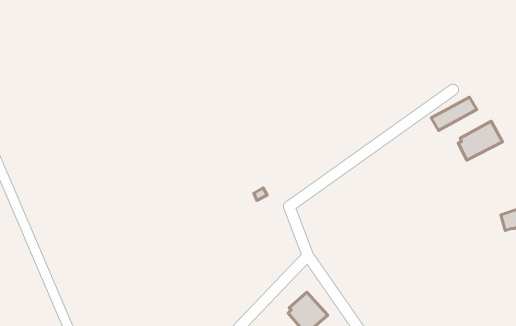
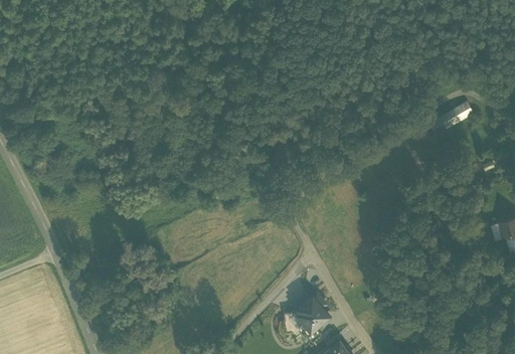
building: [458,121,502,160] -> none

